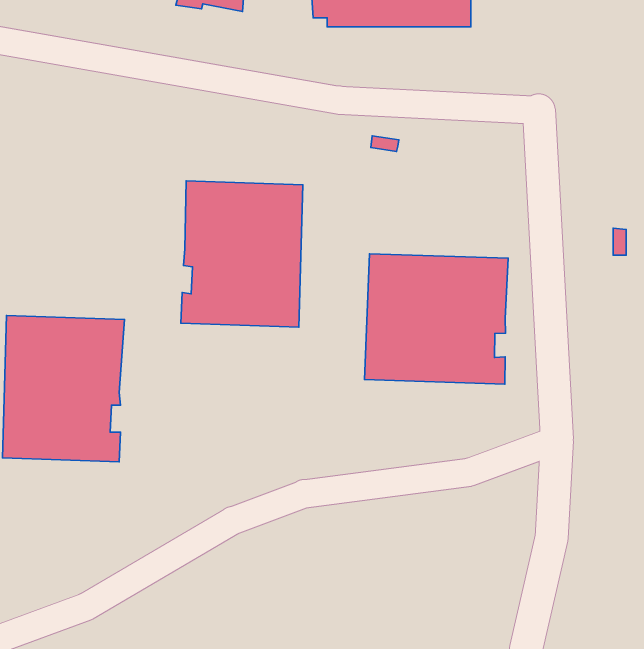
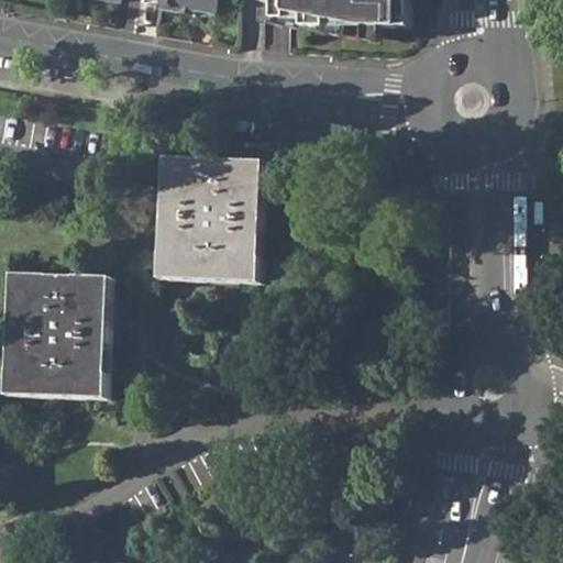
building: [364,254,508,384] -> none

